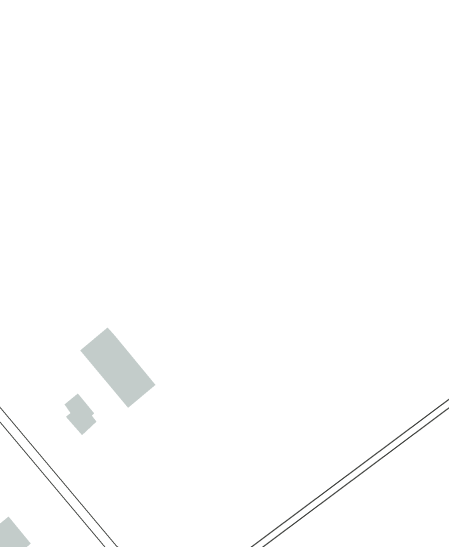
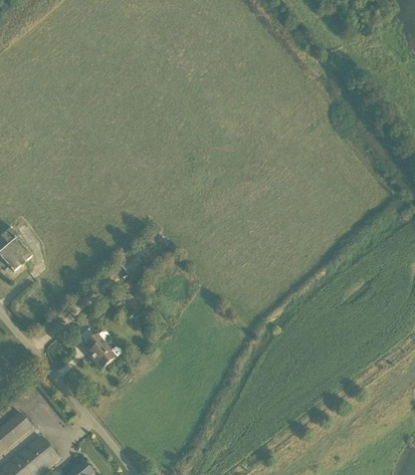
building: [79,326,156,409] -> none

